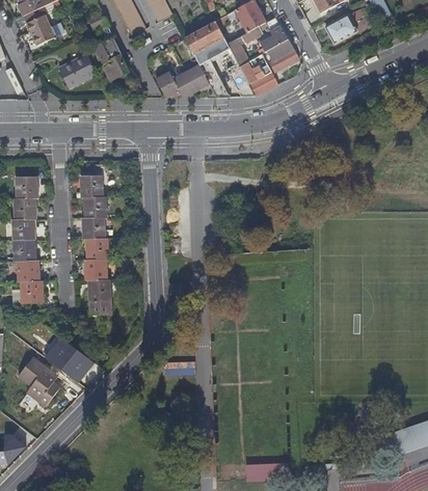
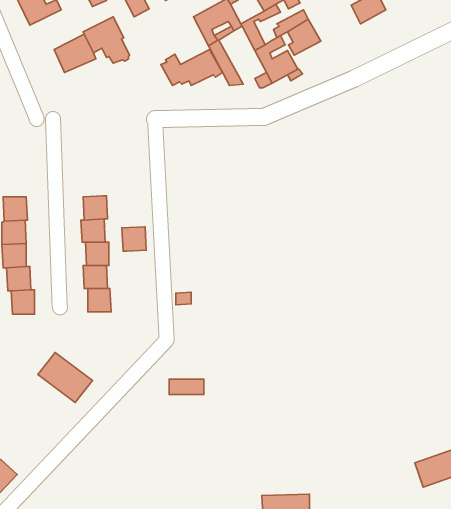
building: [81,176,103,198] -> [122,227,146,251]
building: [16,178,37,198] -> none
building: [19,357,59,406] -> none

